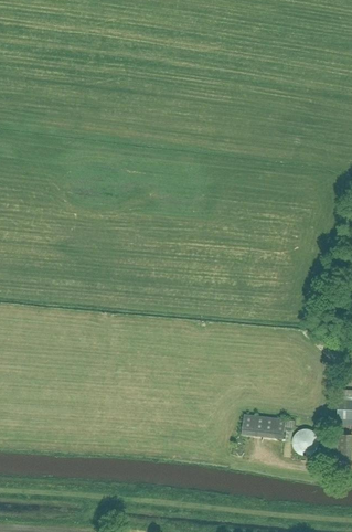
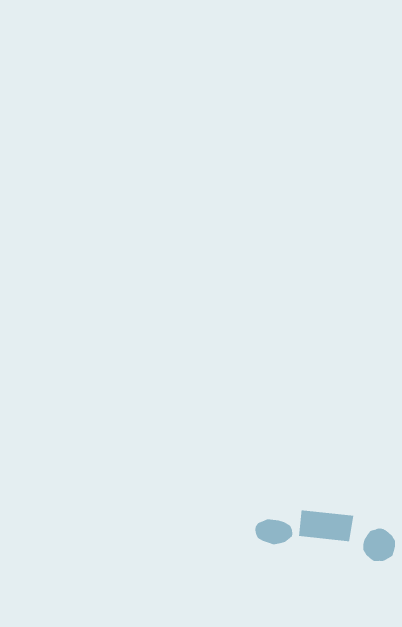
building: none -> [255,519,293,545]

